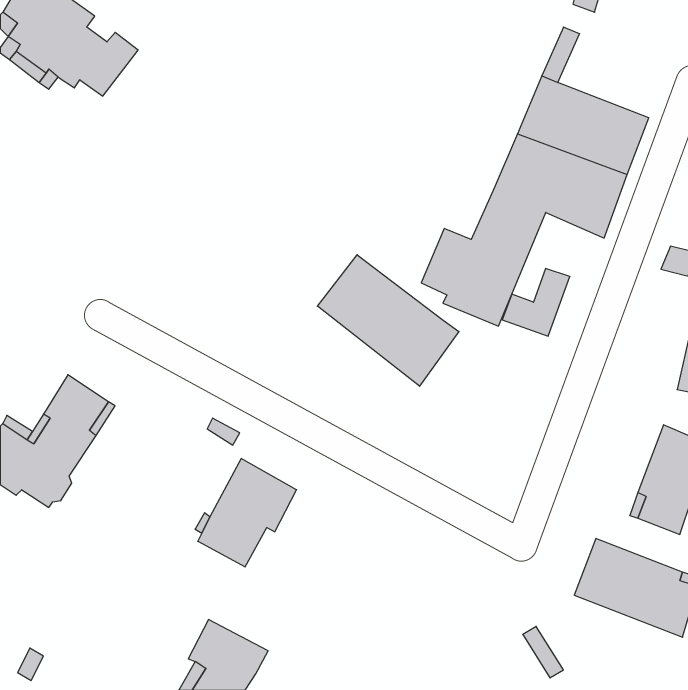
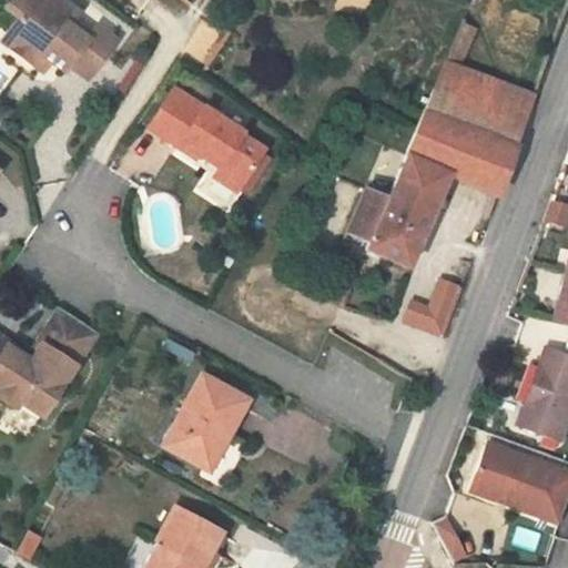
building: none -> [150,89,264,192]
building: [317,255,459,386] -> none
building: [502,268,570,336] -> [407,280,463,335]

